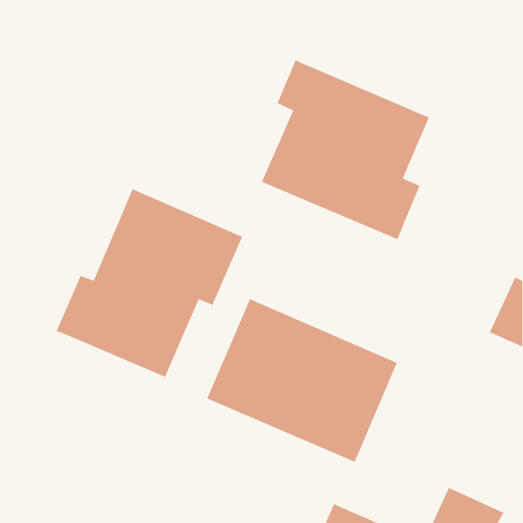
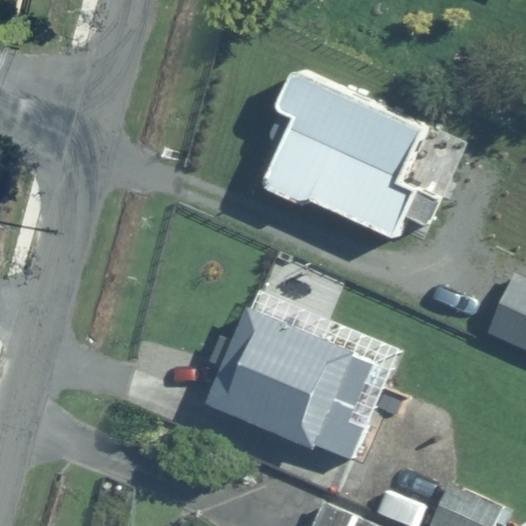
building: [56,188,243,378] -> none

